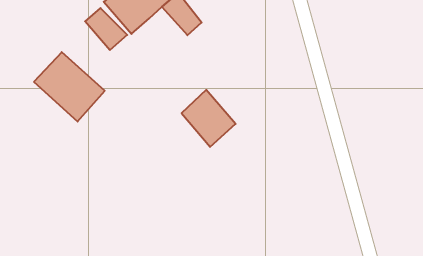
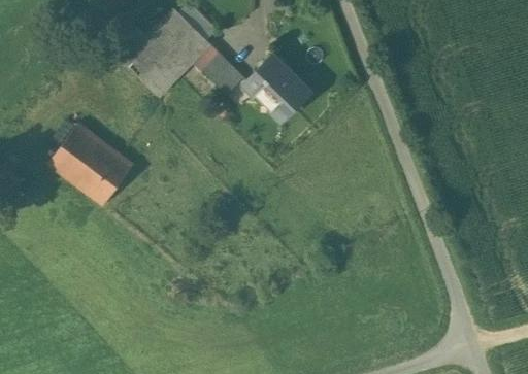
building: [85,8,127,50] -> none
building: [182,90,236,147] -> [244,52,309,118]

